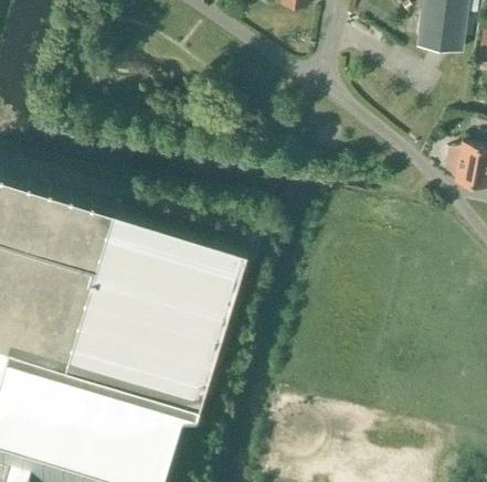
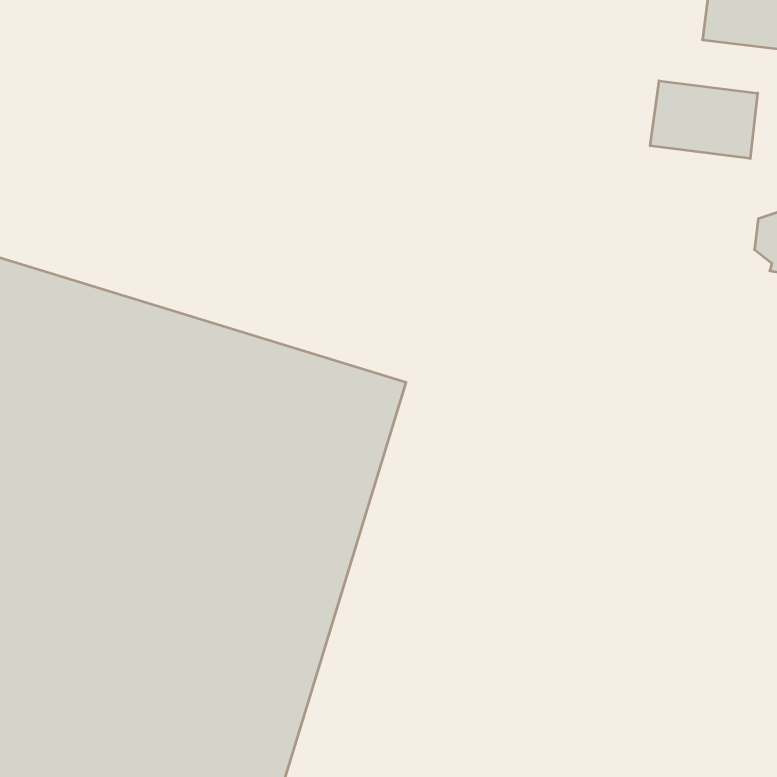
building: none -> [650,81,758,159]

